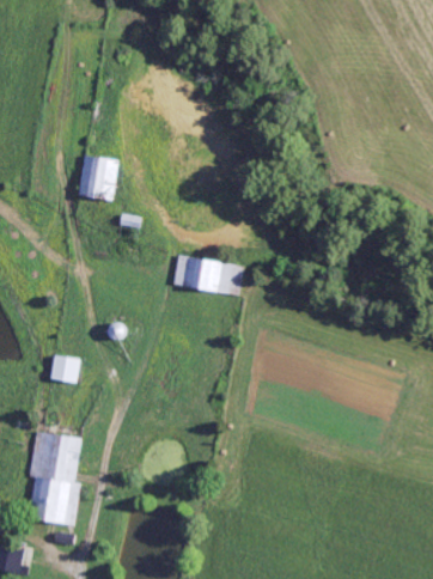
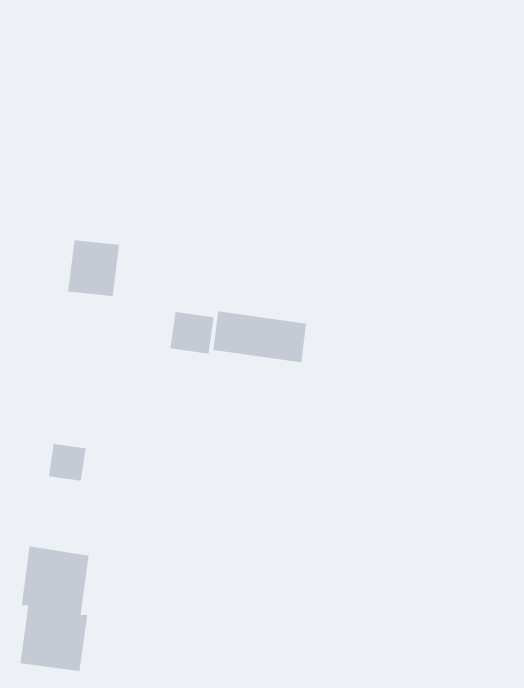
building: [78,156,117,199] -> [67,239,120,297]
building: none -> [170,311,215,354]

